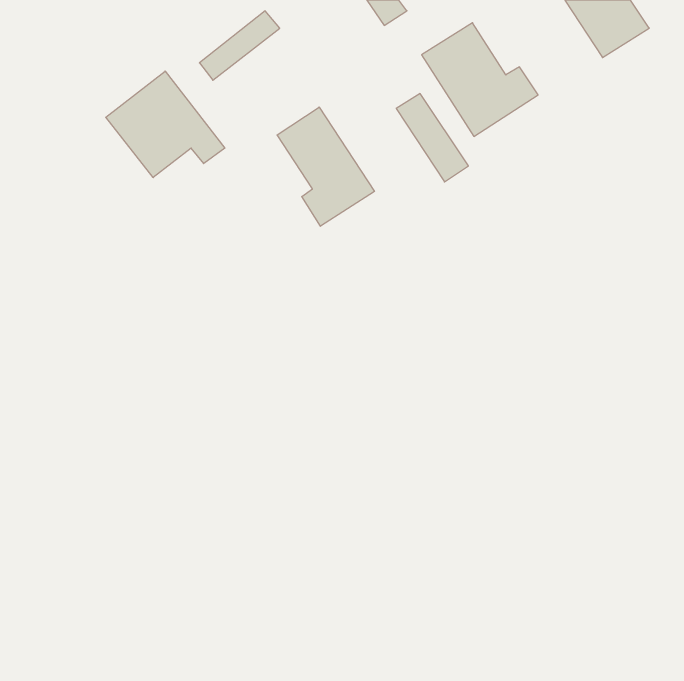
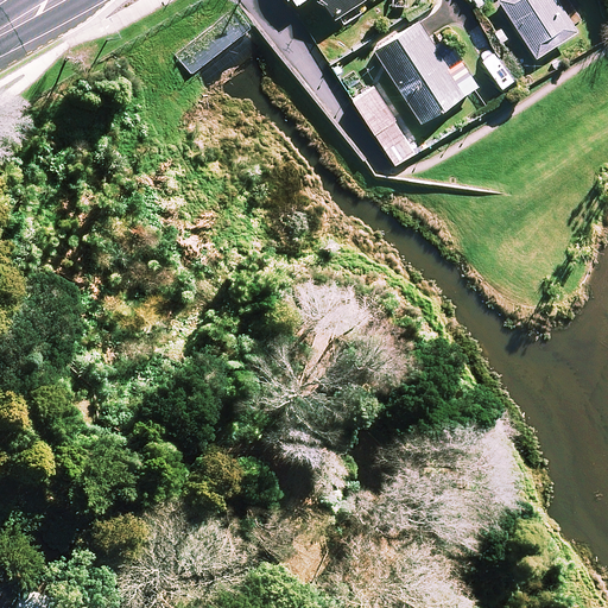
building: [106,71,225,178] -> none
building: [277,107,374,226] -> none

